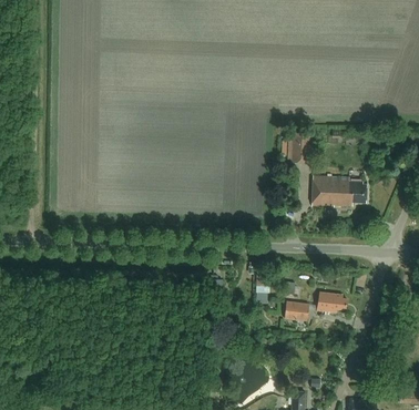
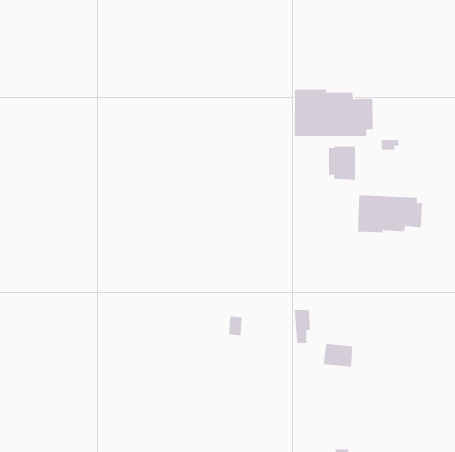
building: none -> [294,89,373,137]
building: [317,290,346,315] -> none

